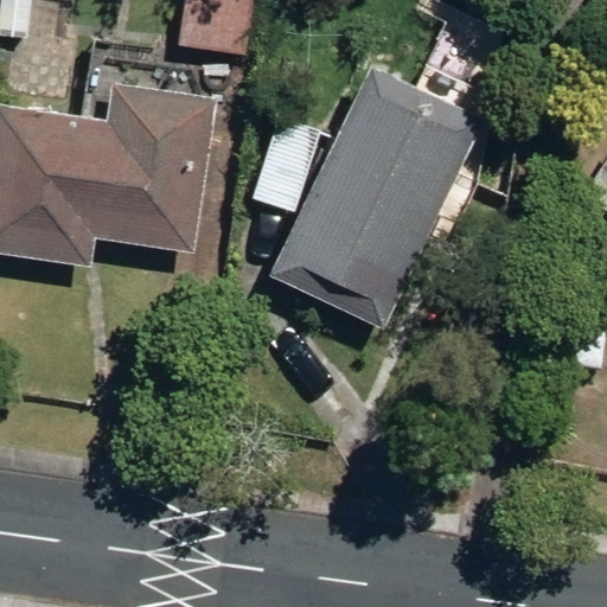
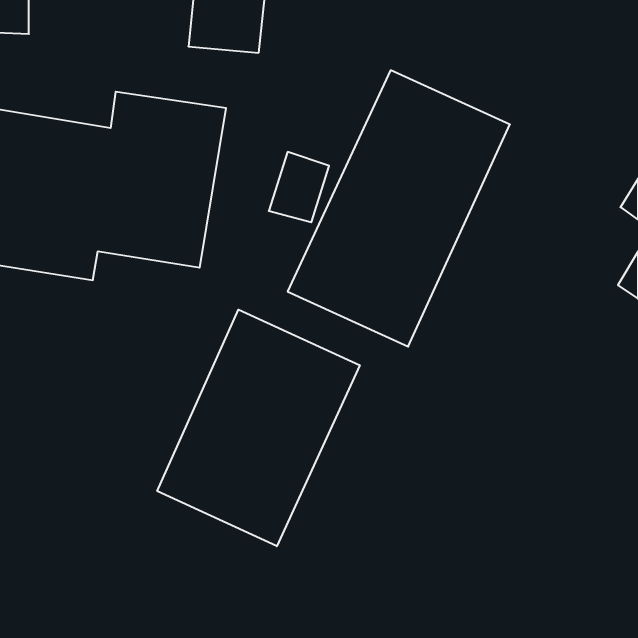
building: none -> [157,310,360,546]

